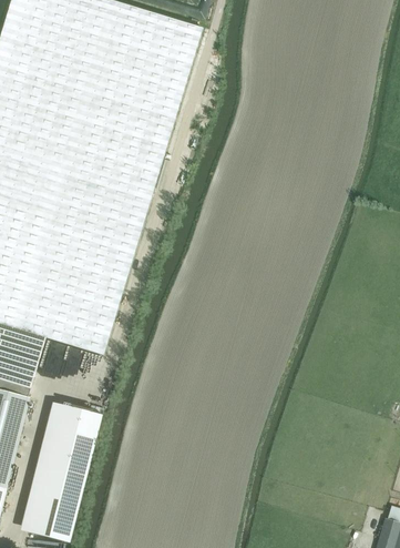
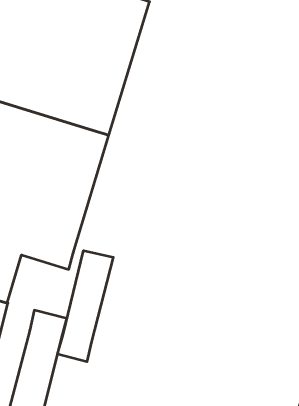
building: none -> [58,251,113,362]

